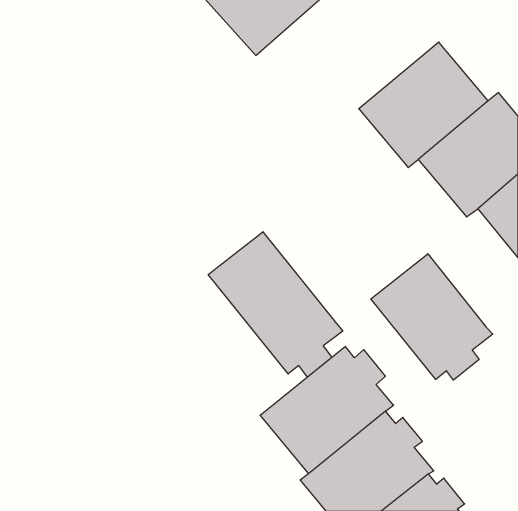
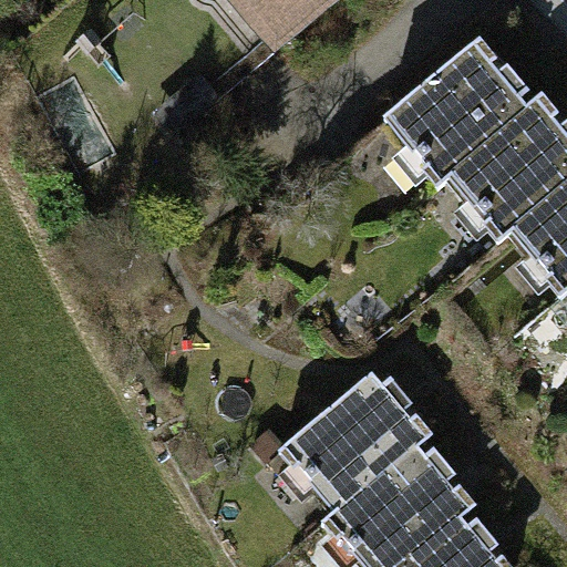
building: [208,232,343,377] -> none
building: [371,254,493,380] -> none

